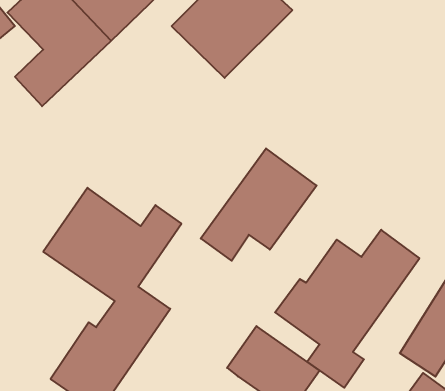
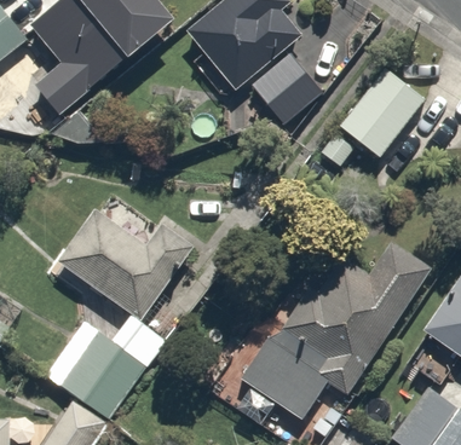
building: none -> [252,51,324,123]
building: [201,148,317,261] -> [315,63,428,173]

